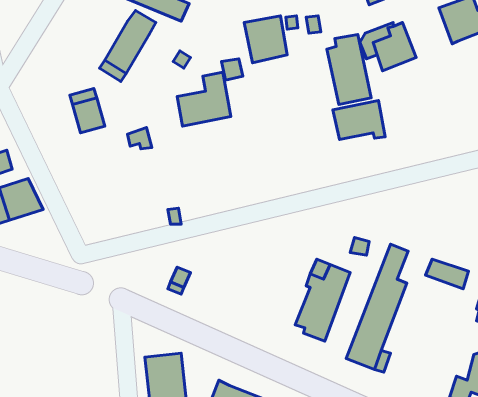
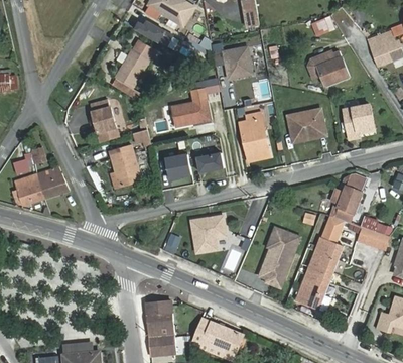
building: [327,35,371,104] -> [237,110,270,162]
building: none -> [343,104,374,138]
building: none -> [109,143,141,187]
building: none -> [193,151,222,172]
building: none -> [162,152,189,179]
building: none -> [329,173,367,224]
building: none -> [191,214,227,251]

